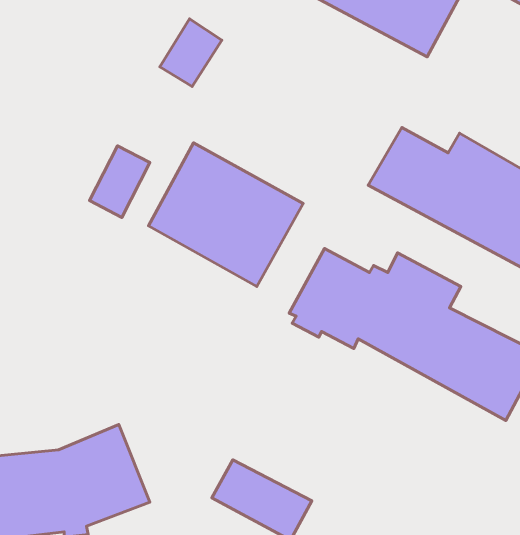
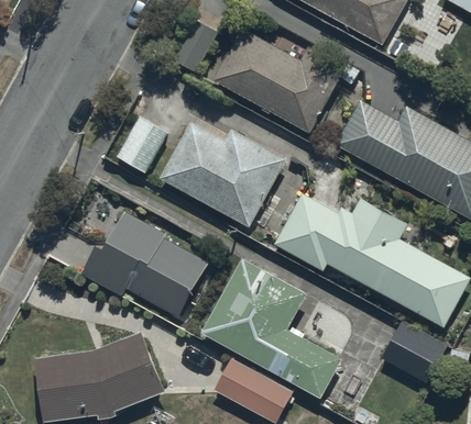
building: none -> [215,31,358,133]
building: none -> [83,211,208,319]
building: none -> [198,259,342,401]
building: none -> [382,323,446,382]

